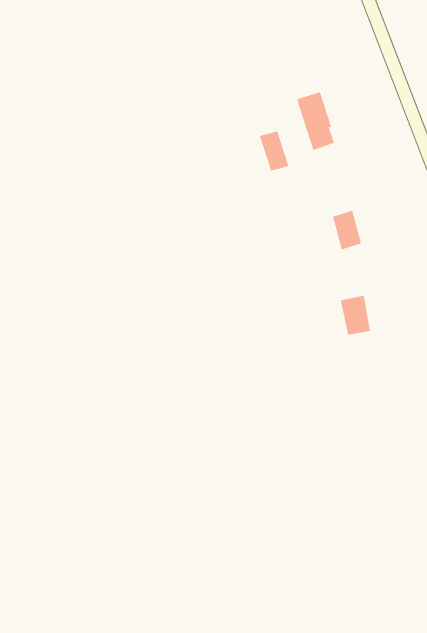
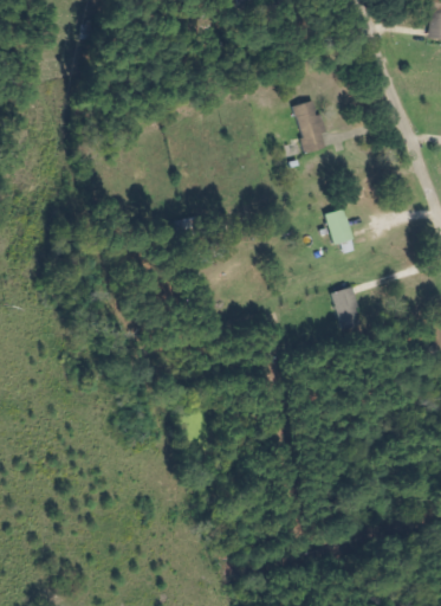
building: [259,131,289,171] -> none

